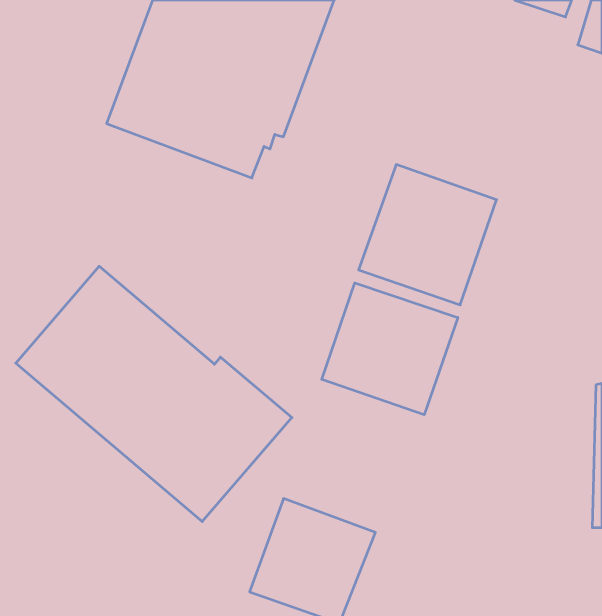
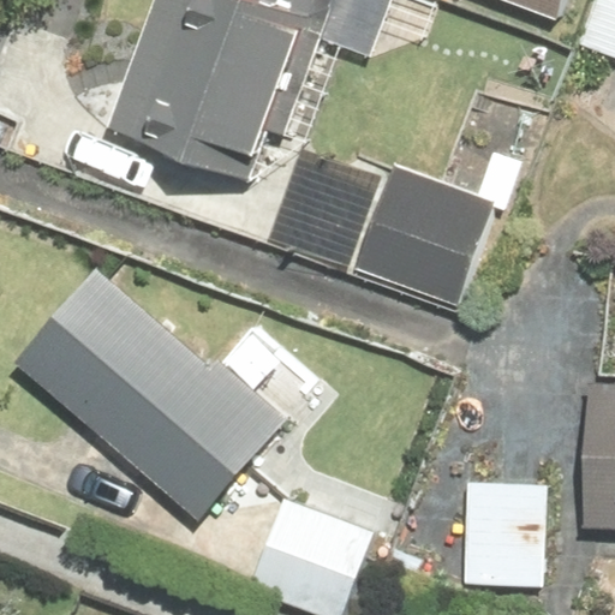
building: [322,283,458,415] -> none
building: none -> [461,482,543,589]

